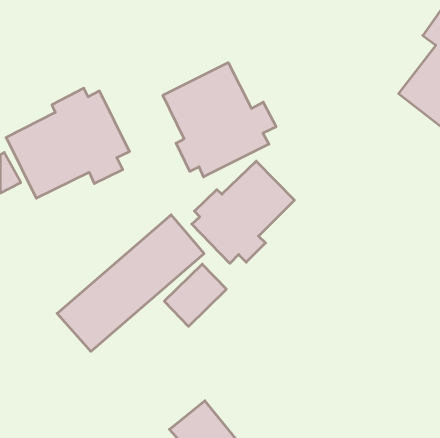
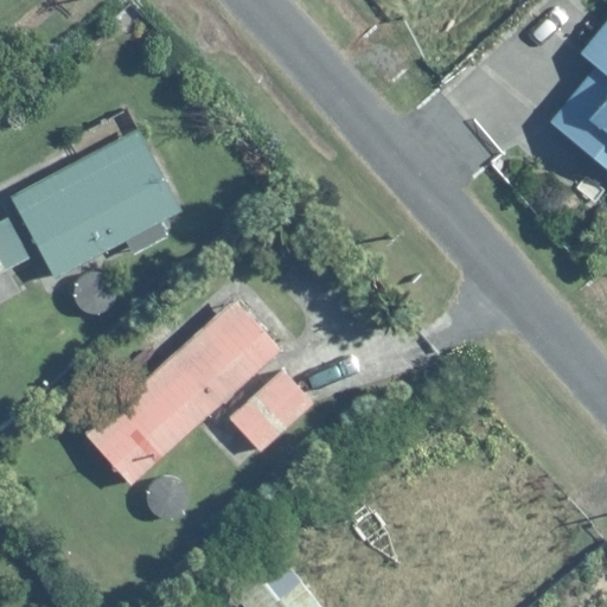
building: [163,63,276,177] -> none
building: [192,161,294,263] -> none

